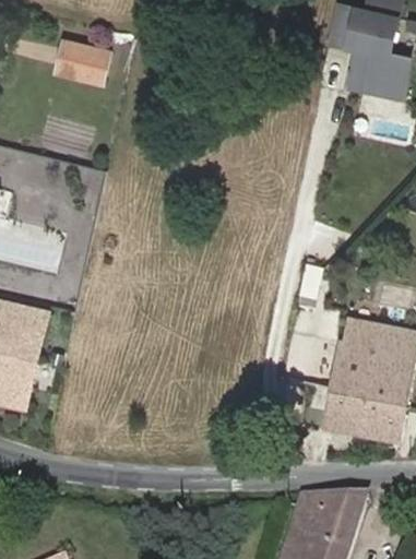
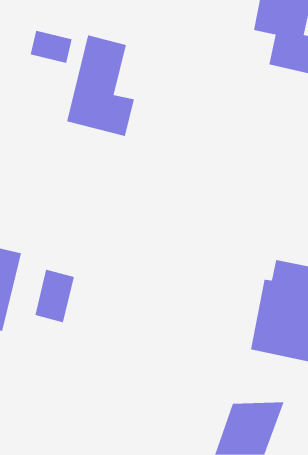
building: none -> [67,35,135,137]
building: none -> [35,269,74,323]

